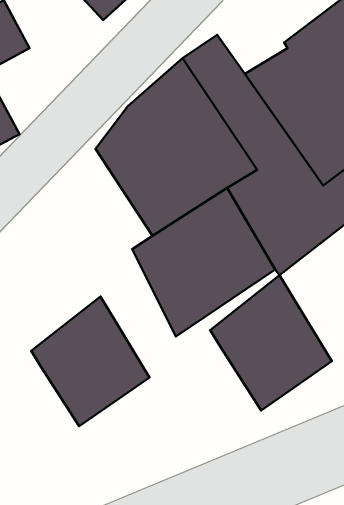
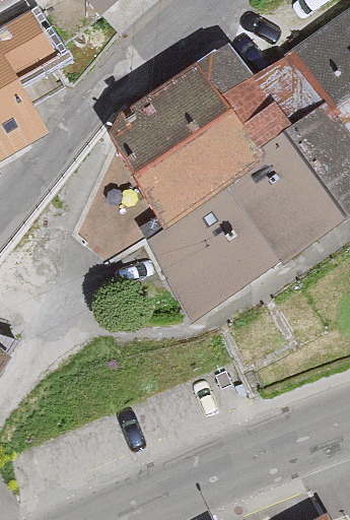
building: [210,275,332,410] -> none
building: [31,297,149,426] -> none

